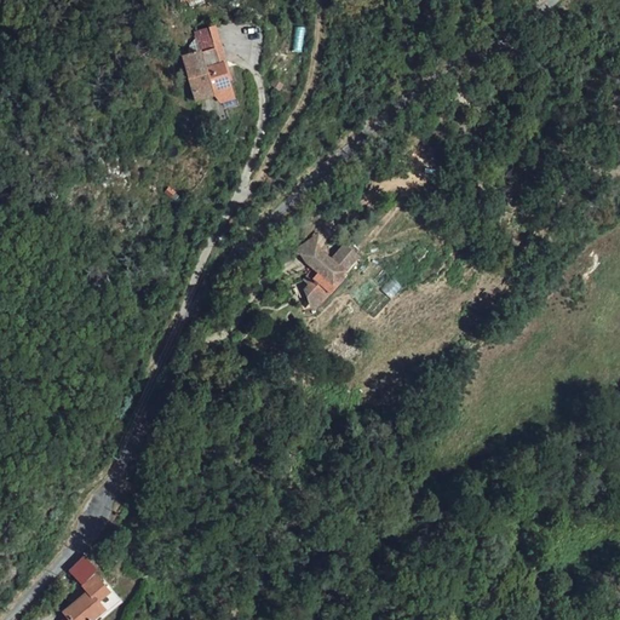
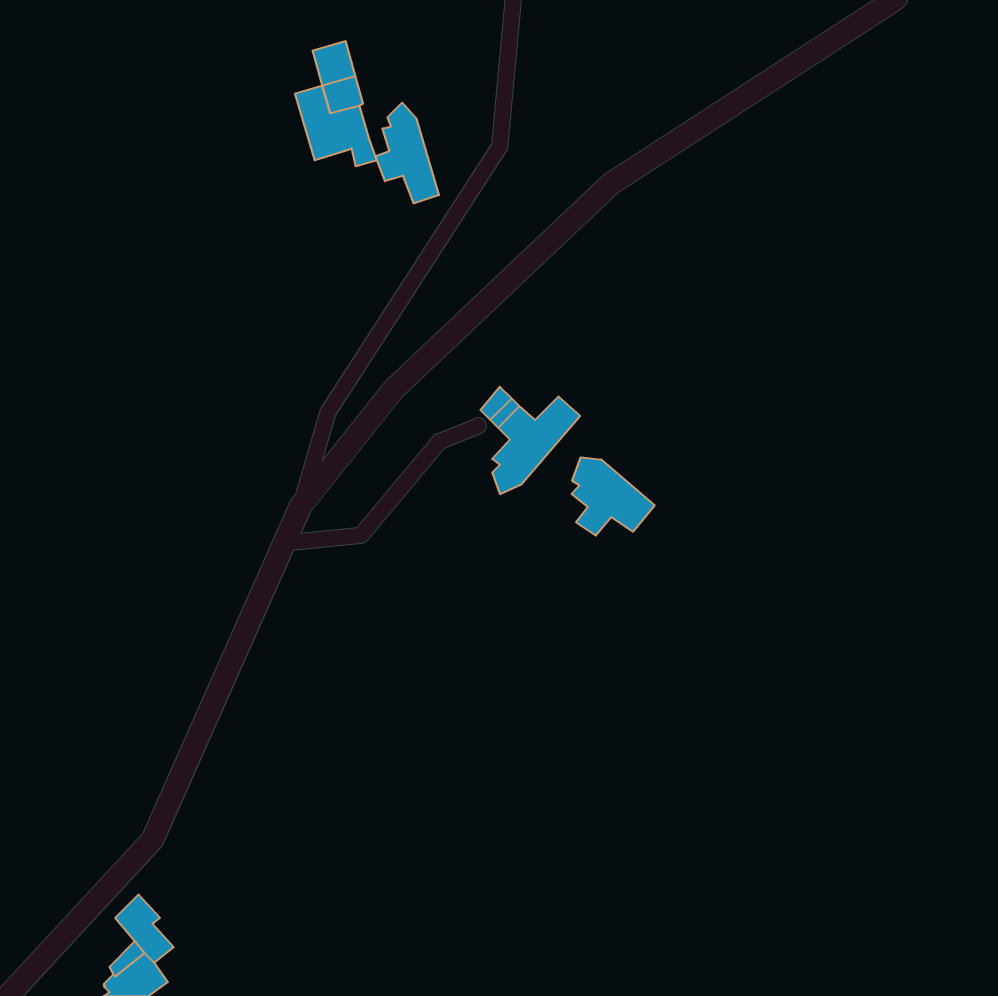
building: none -> [375,103,439,203]
building: none -> [572,457,655,536]

